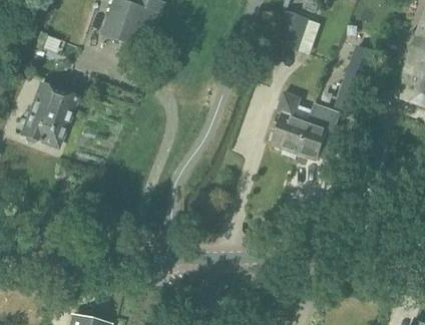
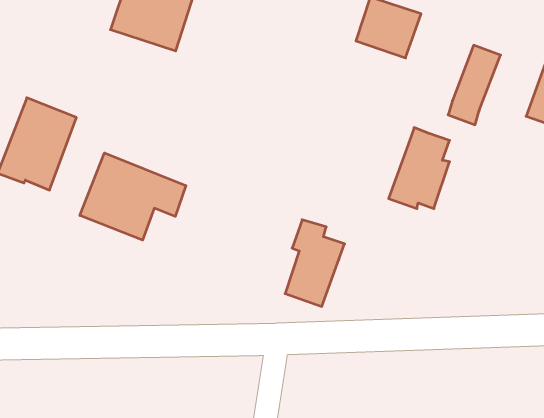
building: [272,91,314,152] -> [285,220,345,306]
building: none -> [80,153,186,240]

